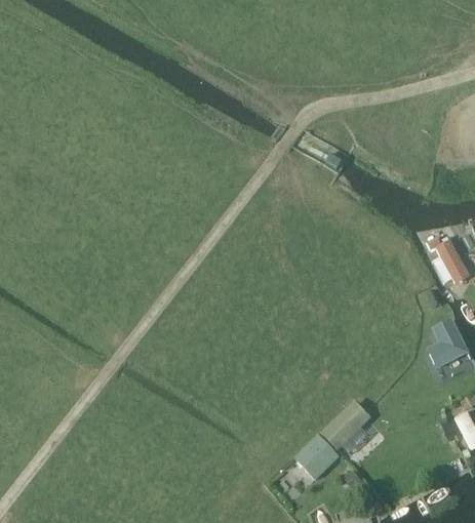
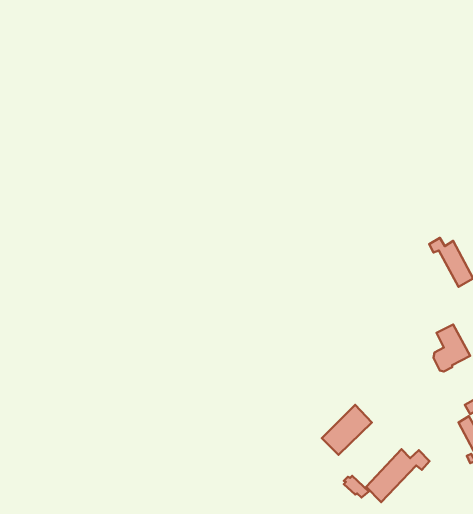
building: [294,434,340,479] -> none
building: none -> [366,449,430,502]

